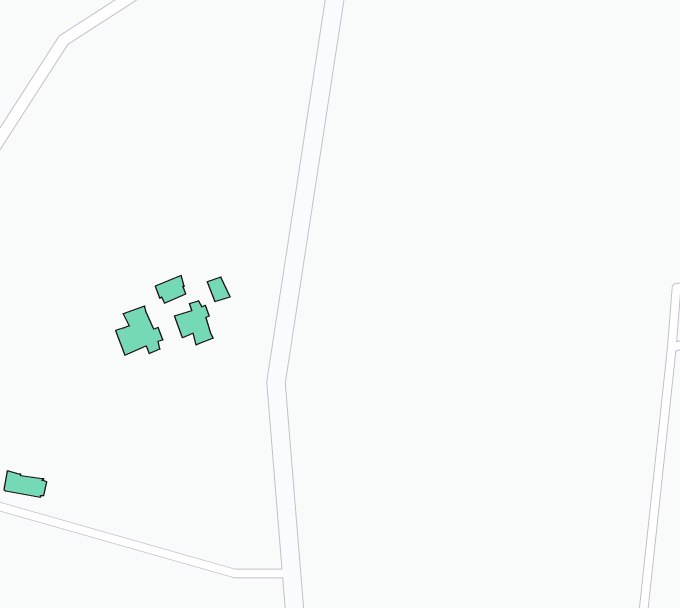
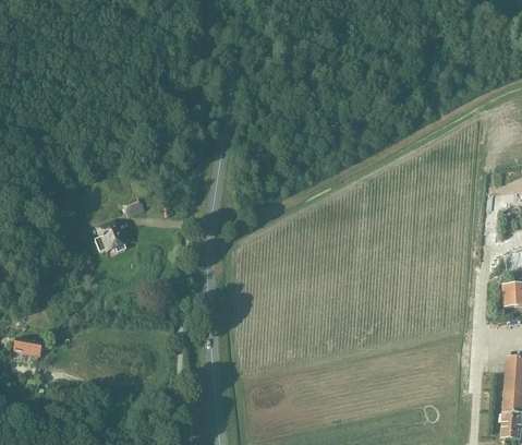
building: [174,301,213,345] -> none

